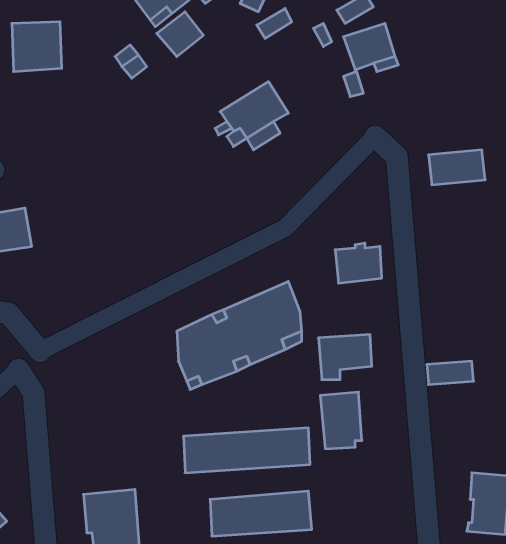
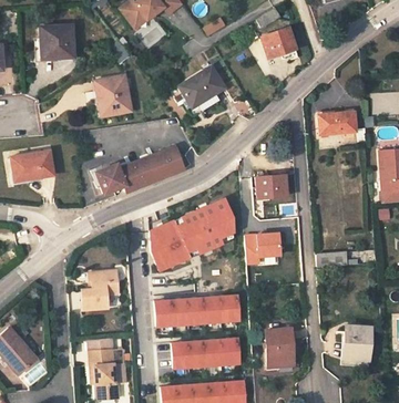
building: none -> [96,76,130,115]
building: none -> [94,145,184,194]
building: none -> [82,270,119,310]
building: [320,392,362,449] -> [265,329,293,366]

